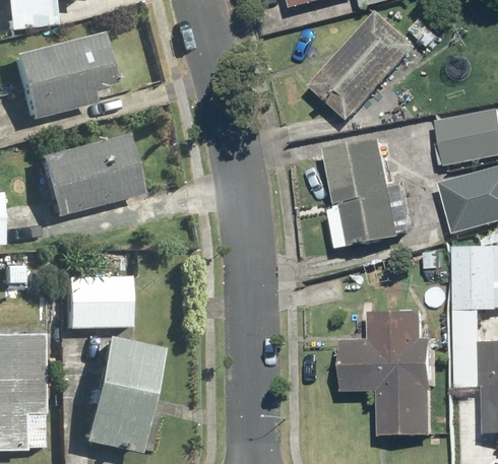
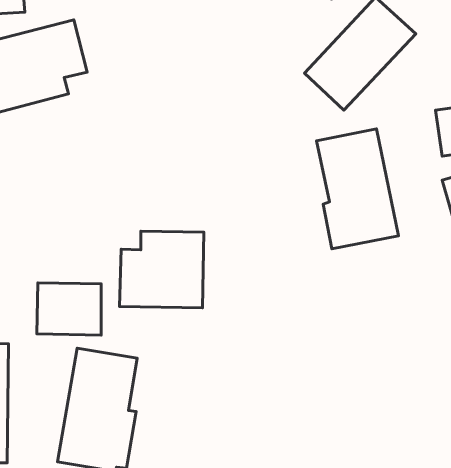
building: [39,137,139,217] -> none
building: none -> [120,231,204,308]
building: [341,309,433,435] -> none

